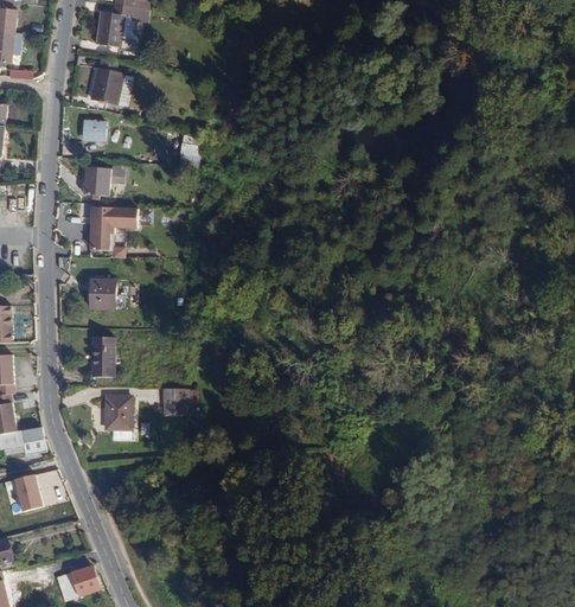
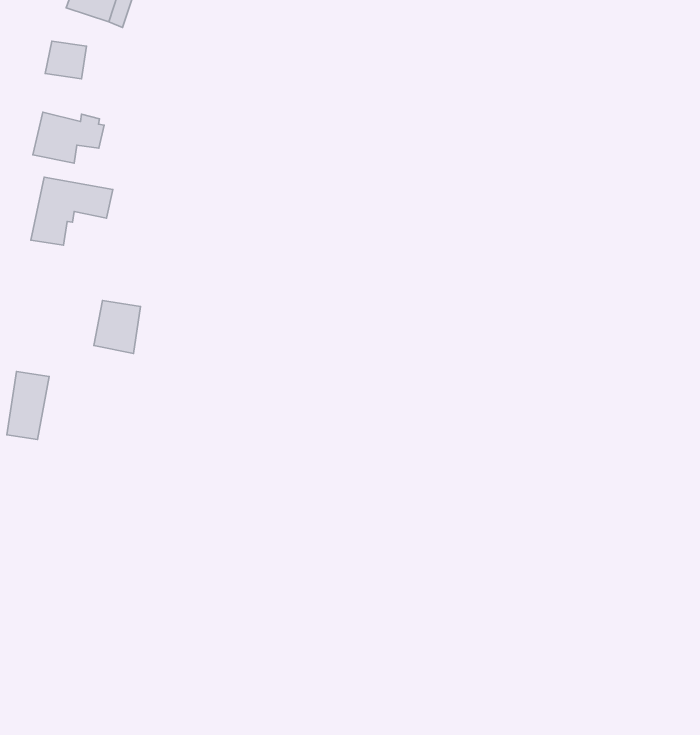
building: [87,276,113,307] -> [94,301,141,354]
building: [161,388,194,415] -> none
building: [106,394,133,429] -> none

